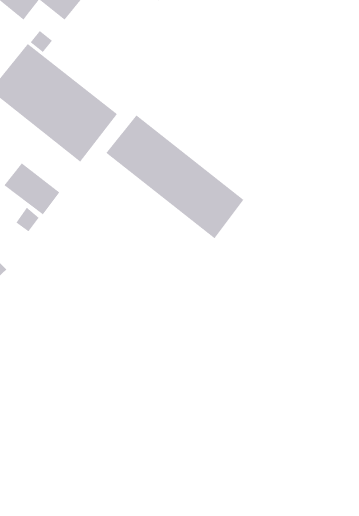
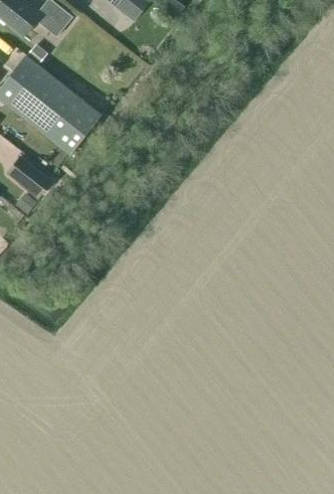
building: [105,115,244,239] -> none

